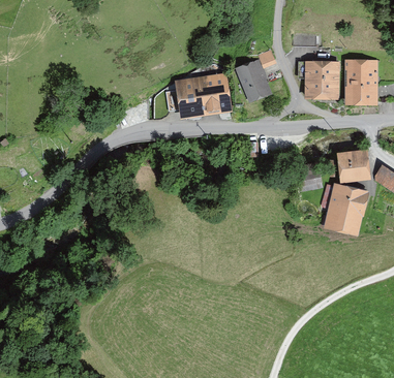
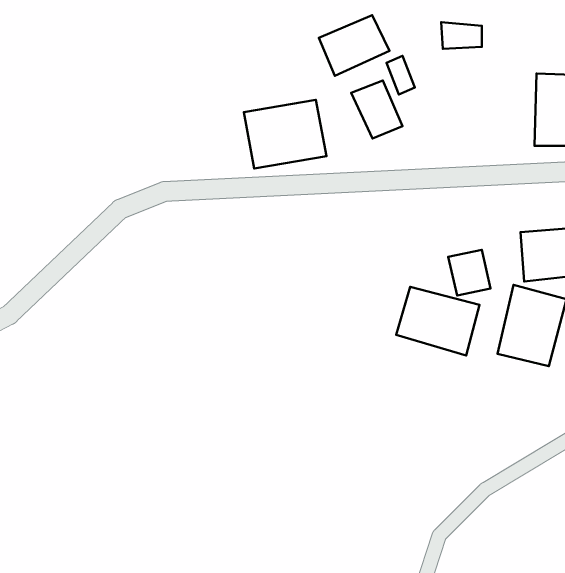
building: none -> [319,15,390,76]
building: [304,63,337,100] -> none
building: none -> [396,287,479,355]

